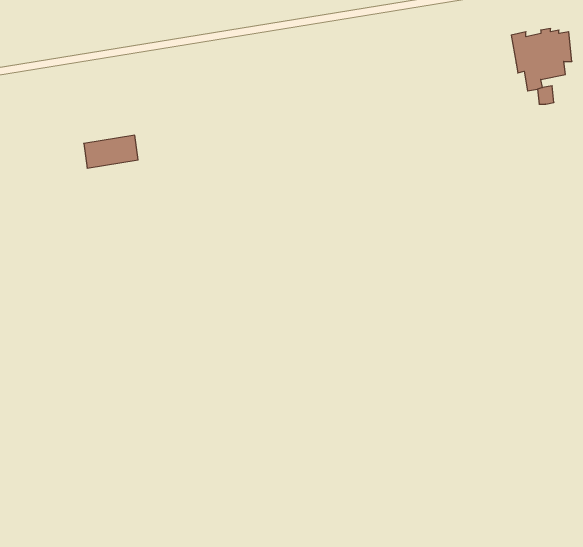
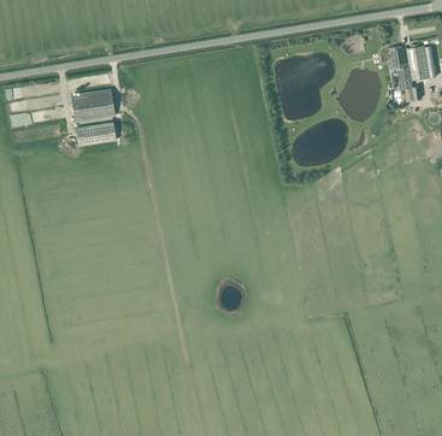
building: none -> [71,89,114,122]

